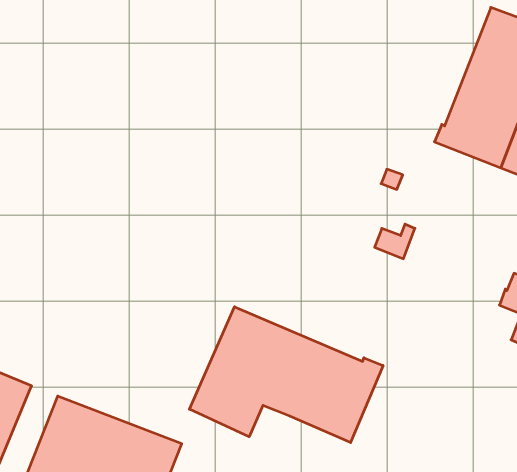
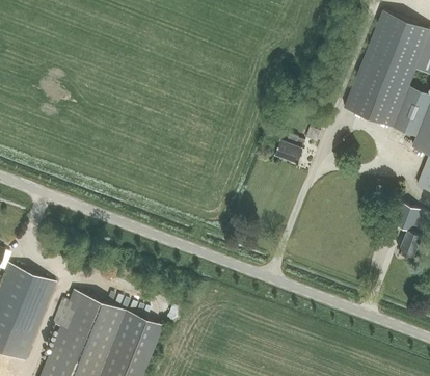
building: [375,224,415,259] -> [276,138,305,163]
building: [189,307,383,443] -> none

